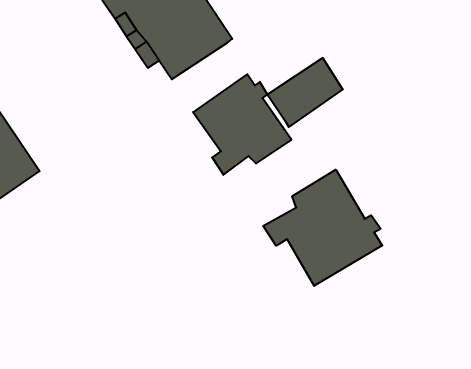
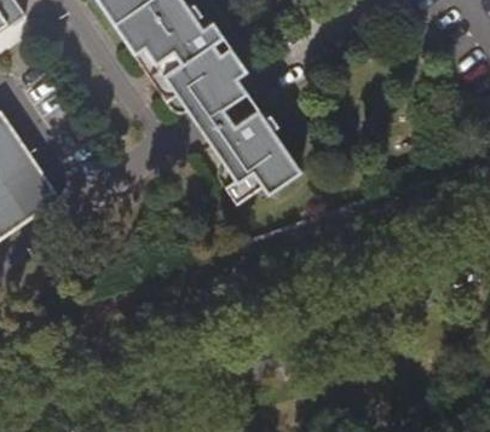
building: [267,58,343,127] -> [186,76,259,143]
building: [263,170,382,286] -> none

